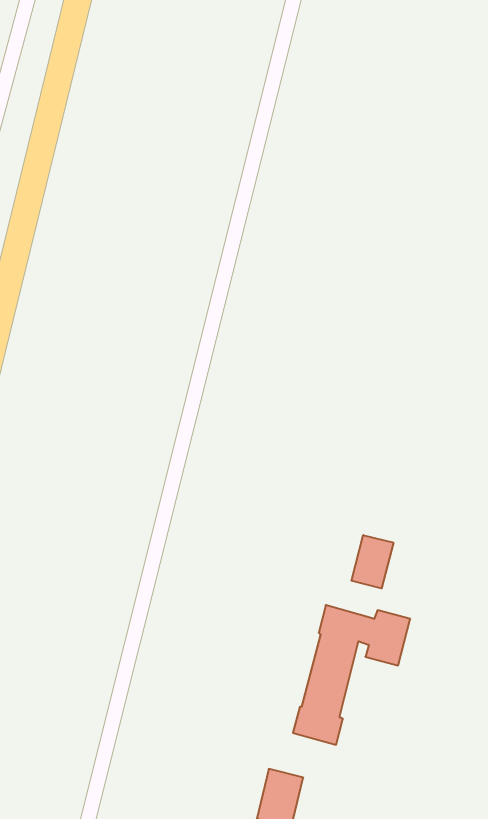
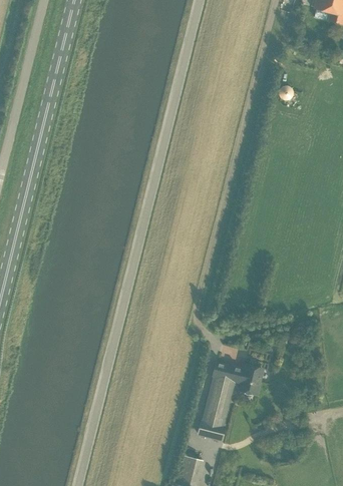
building: [351,535,393,588] -> none

